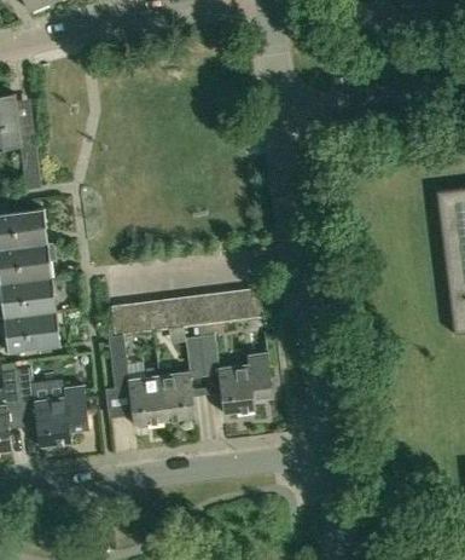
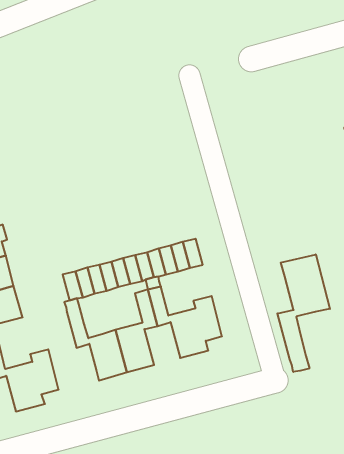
building: none -> [277,254,330,372]

